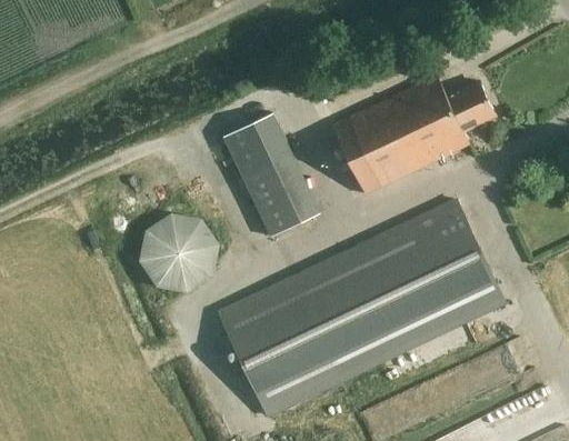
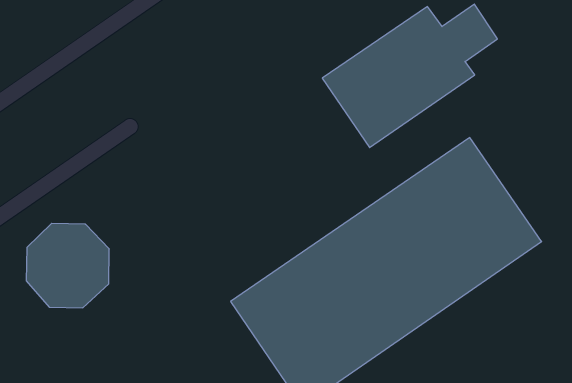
building: [223,111,321,235] -> none
building: [140,213,219,293] -> [26,223,109,308]

